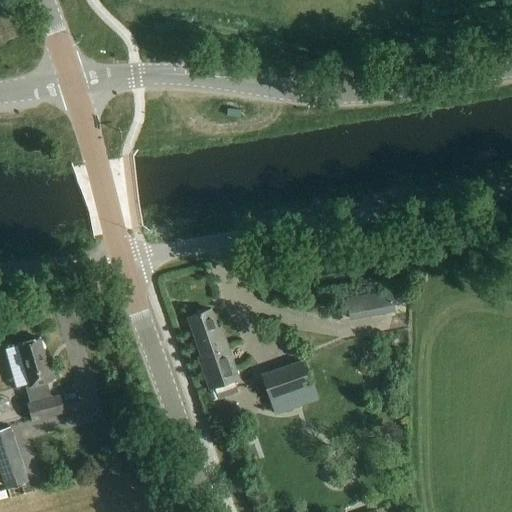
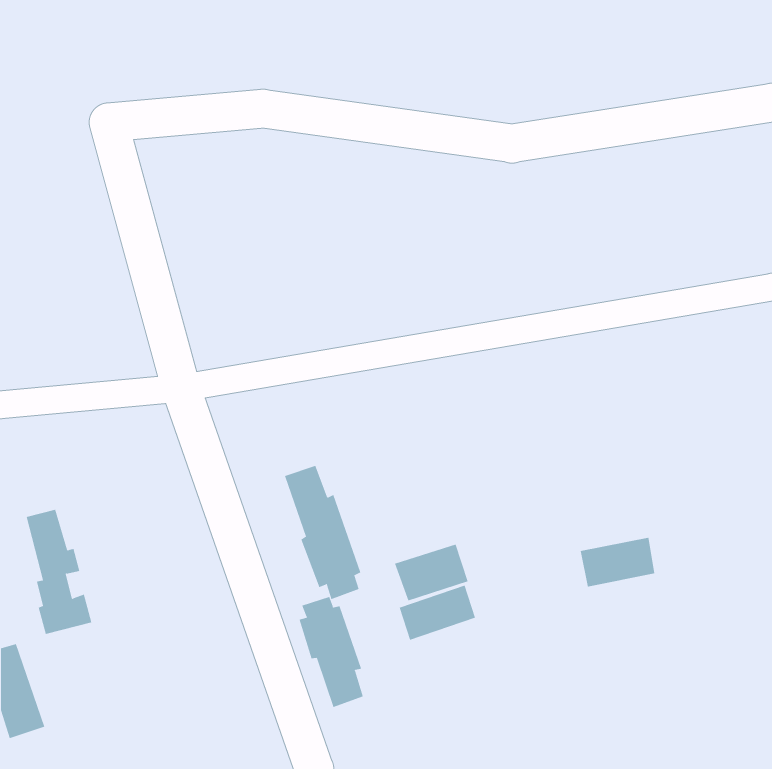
building: [345,287,395,320] -> [580,537,655,587]
building: none -> [299,596,364,708]

